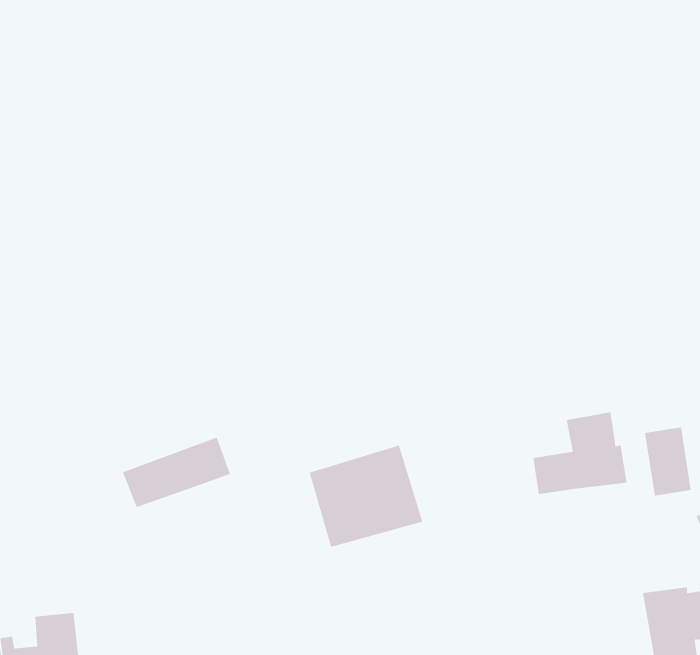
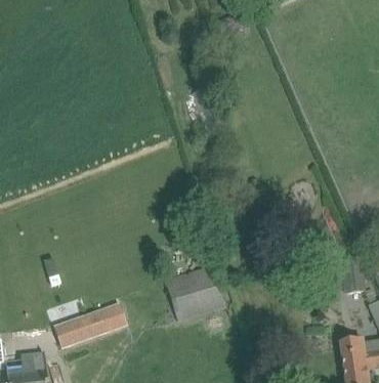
building: [533,412,627,495] -> none
building: [122,437,231,508] -> [67,304,123,341]

